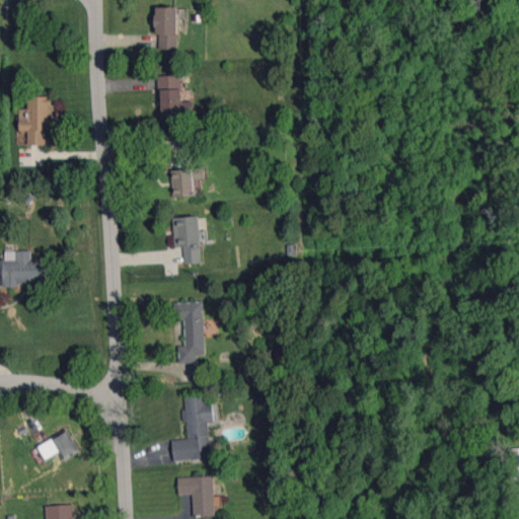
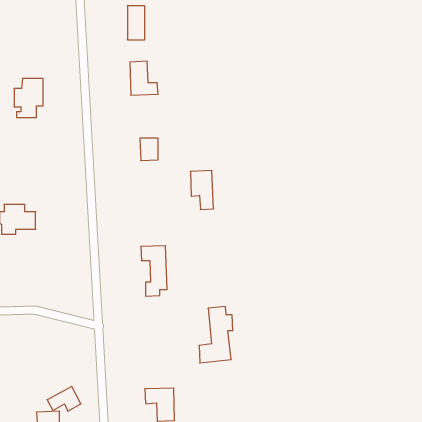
building: [172,217,201,265] -> [190,171,214,210]
building: [171,393,213,462] -> [199,307,233,363]
building: [38,431,79,461] -> [47,386,81,411]

